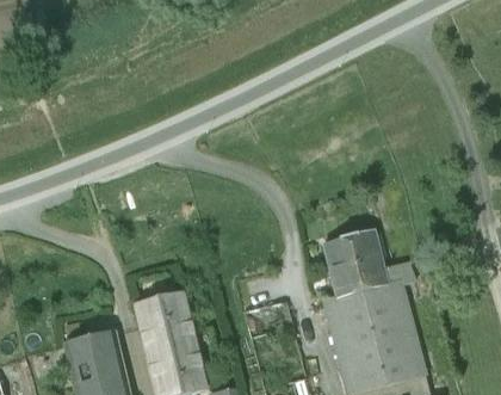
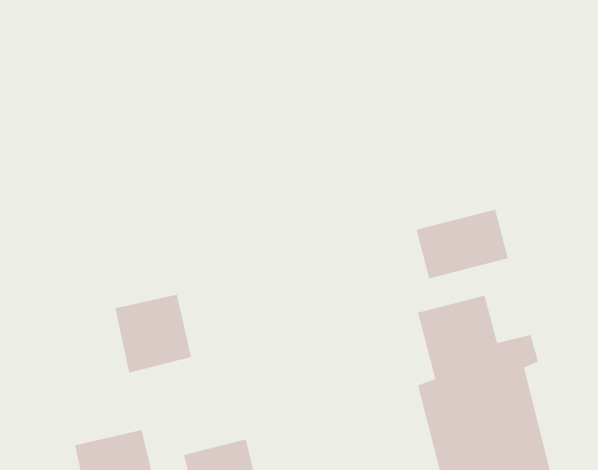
building: none -> [416,209,508,279]
building: [136,291,194,351] -> [114,294,192,373]

